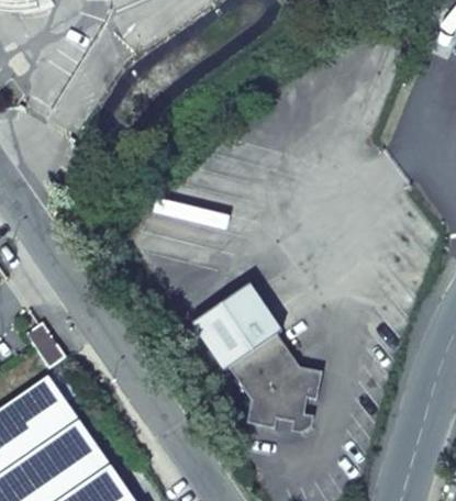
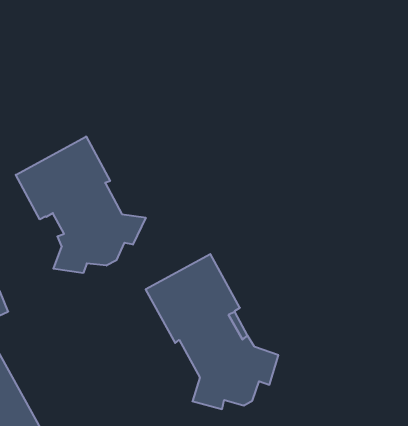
building: none -> [16,136,146,273]

